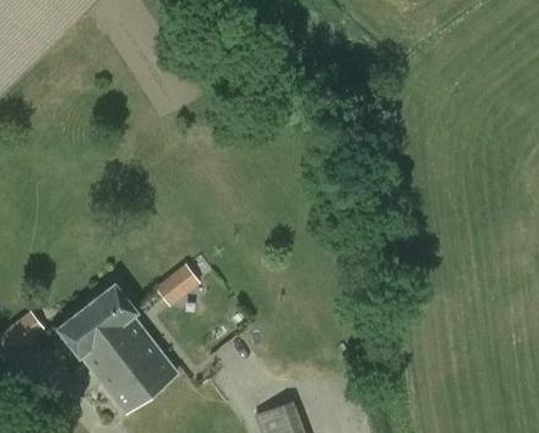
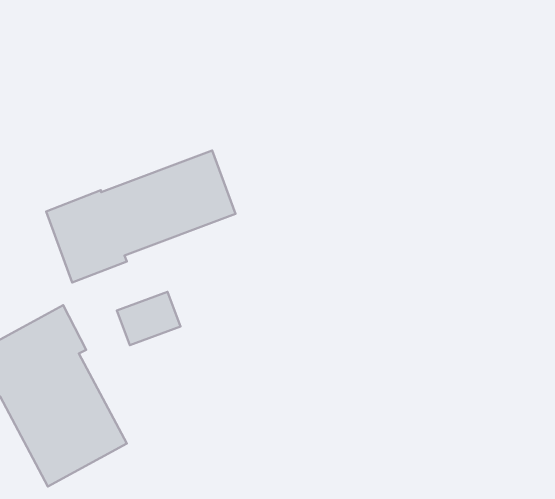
building: none -> [46,151,235,282]

